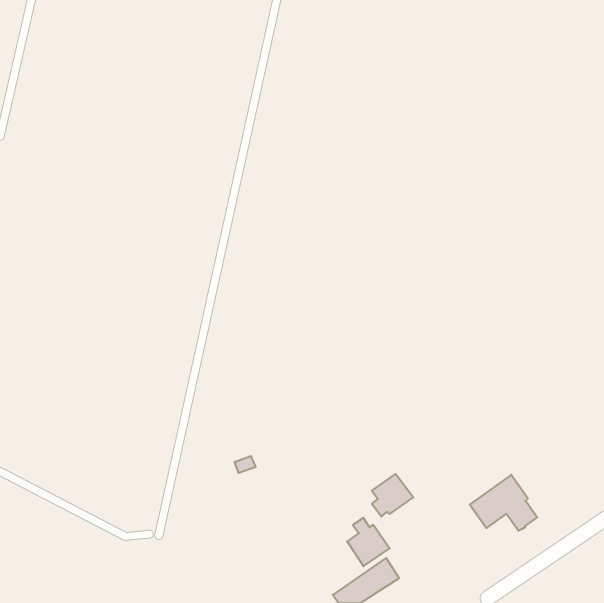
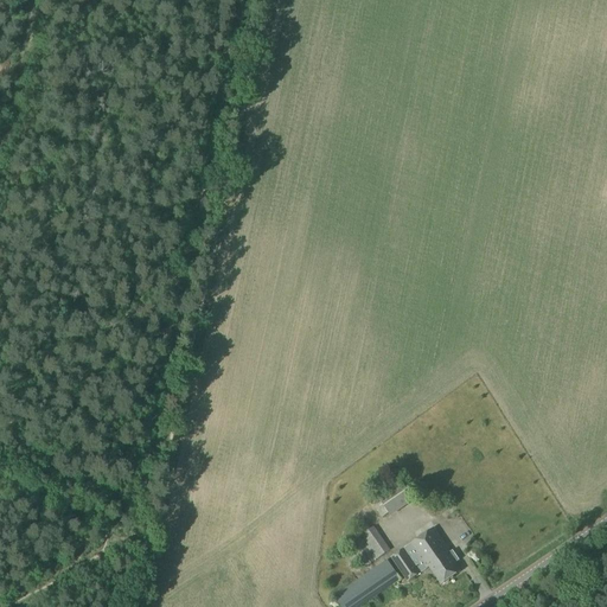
building: [470,475,537,531] -> [394,526,461,582]

